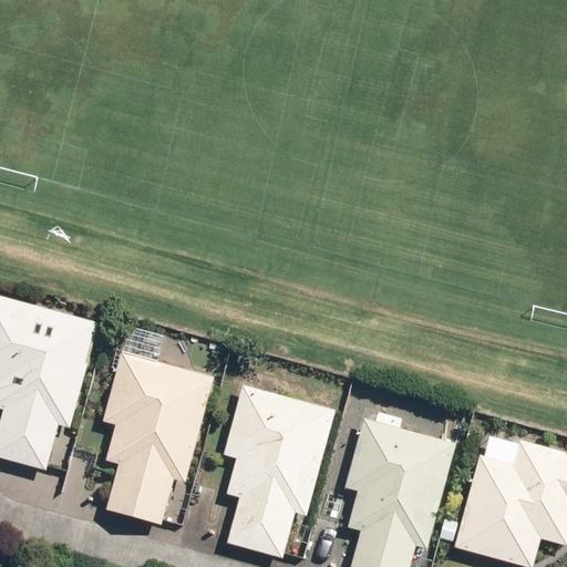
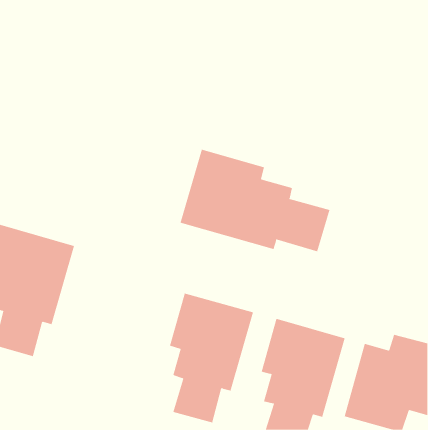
building: none -> [180,149,330,252]
building: [102,352,214,525] -> none

